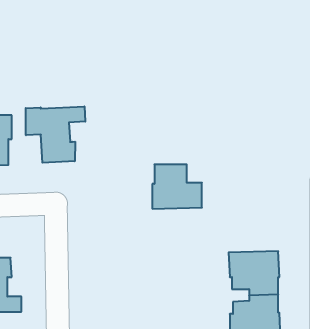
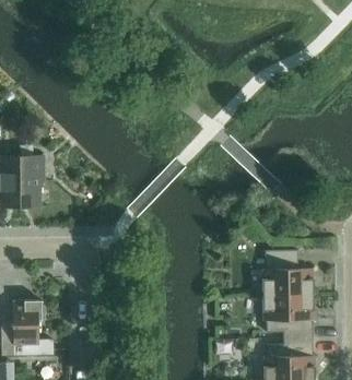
building: [26,106,85,163] -> none
building: [152,164,202,209] -> [262,250,313,295]

